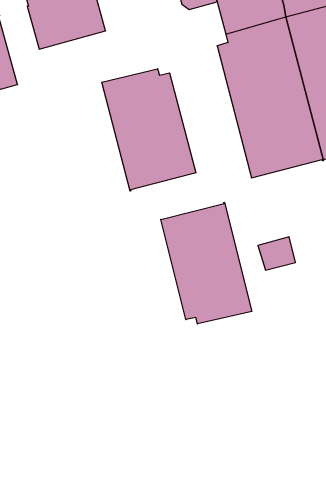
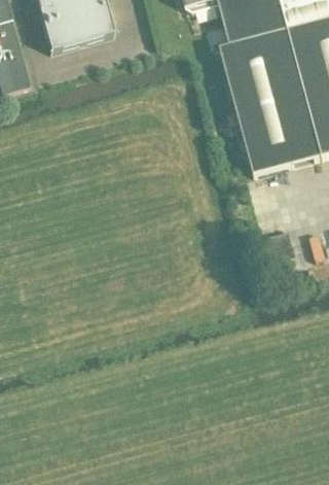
building: [102,69,196,191] -> none
building: [161,202,252,324] -> none

